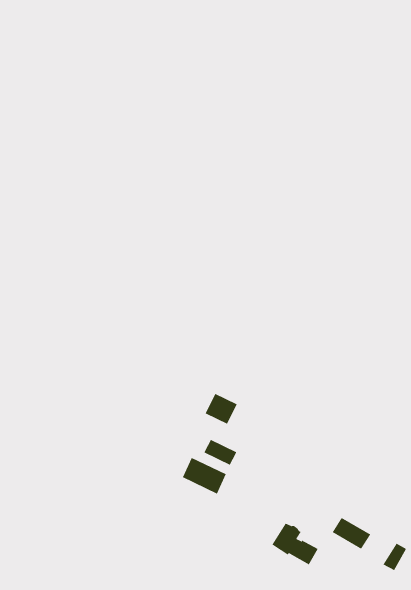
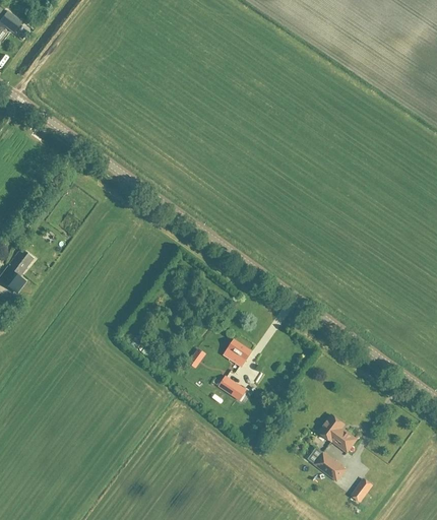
building: [182,457,226,494] -> none
building: [272,523,319,565] -> [319,414,357,451]

